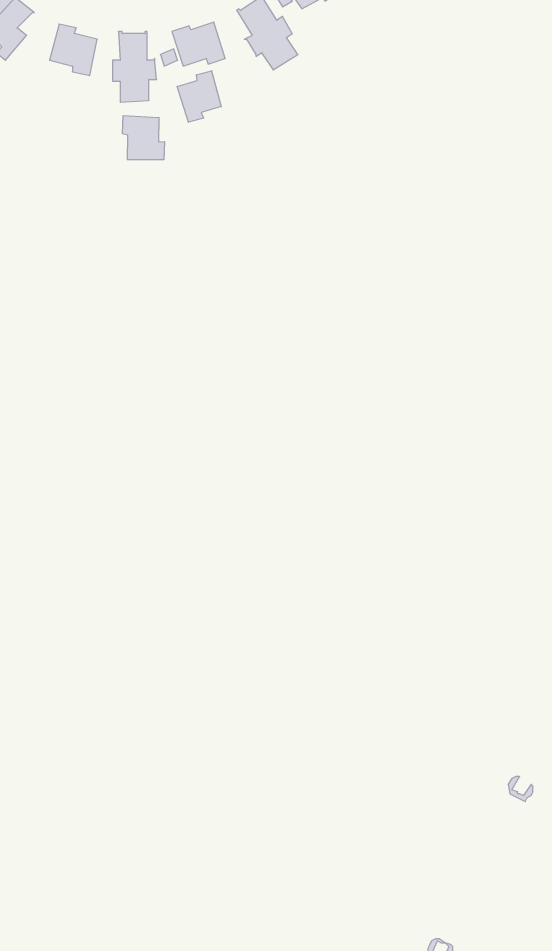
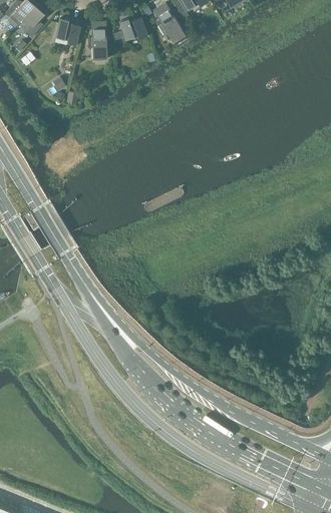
building: [177,71,221,122] -> none
building: [122,116,164,160] -> none

